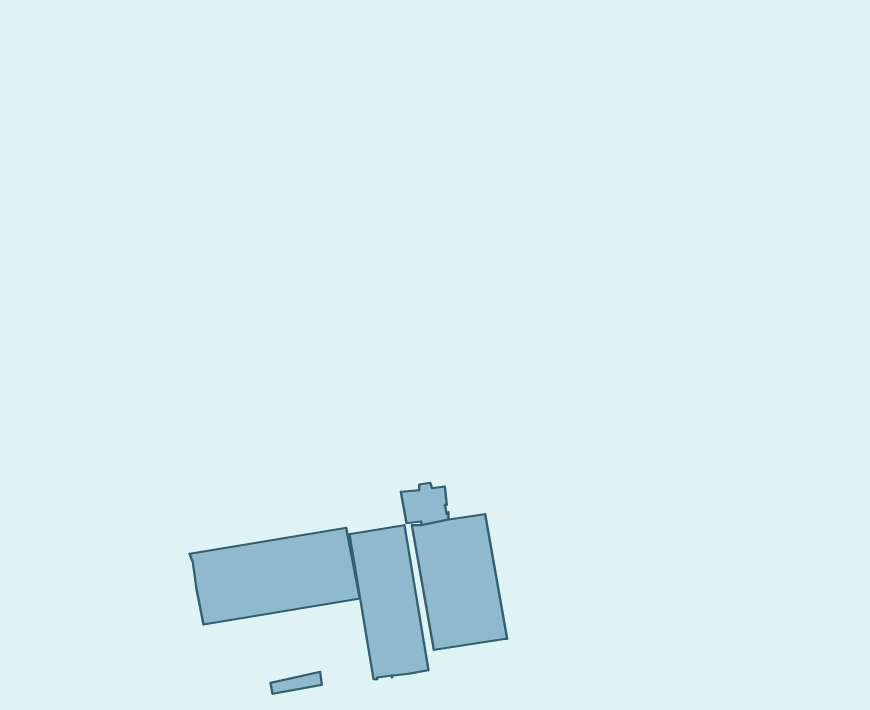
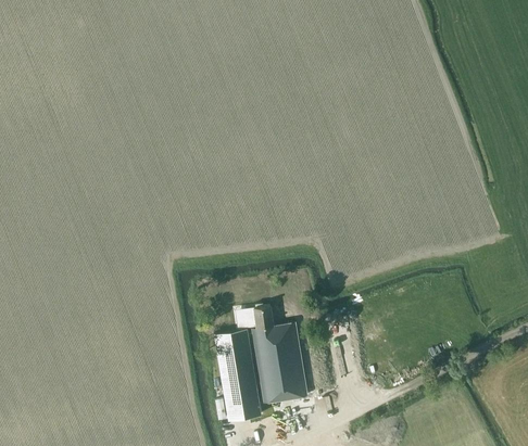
building: [189,528,360,624] -> none

